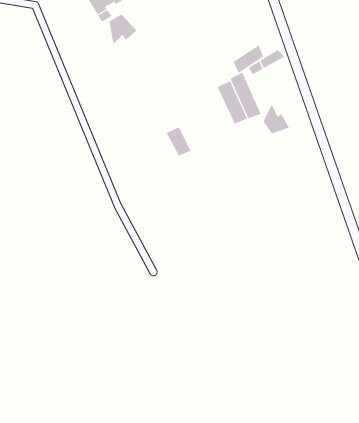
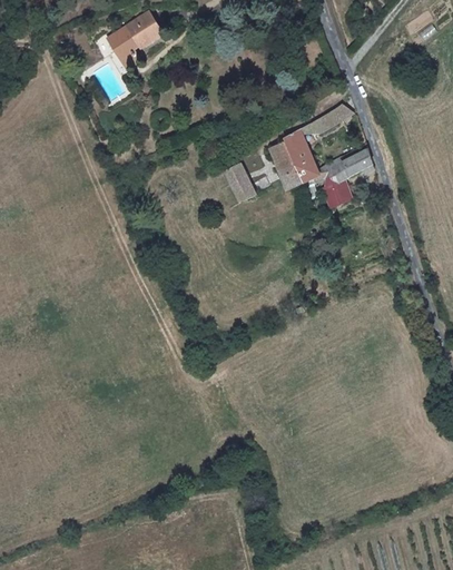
building: [109,13,137,45] -> none
building: [233,45,264,74] -> [335,148,373,184]
building: [166,126,191,156] -> [220,164,252,200]

